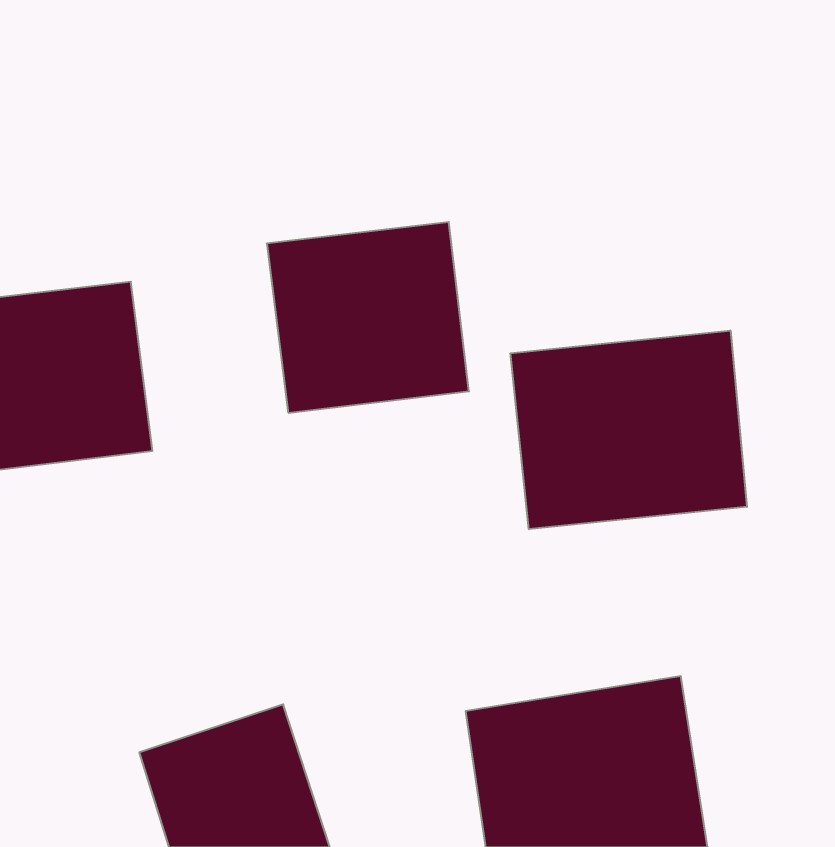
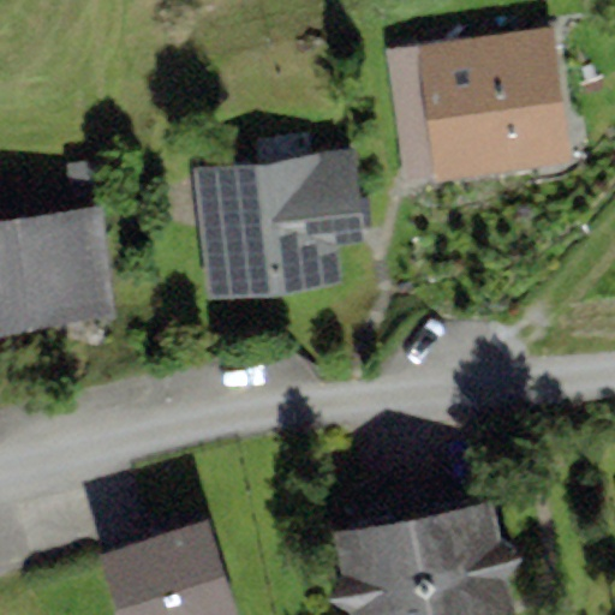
building: none -> [386,31,575,198]
building: [511,330,747,529] -> none

